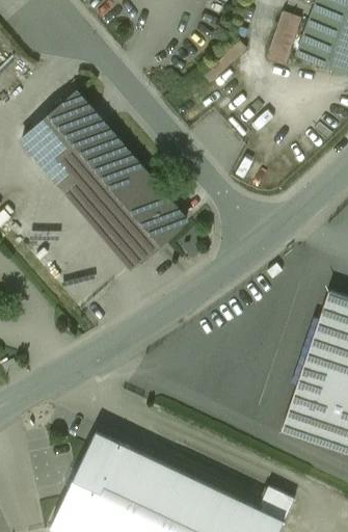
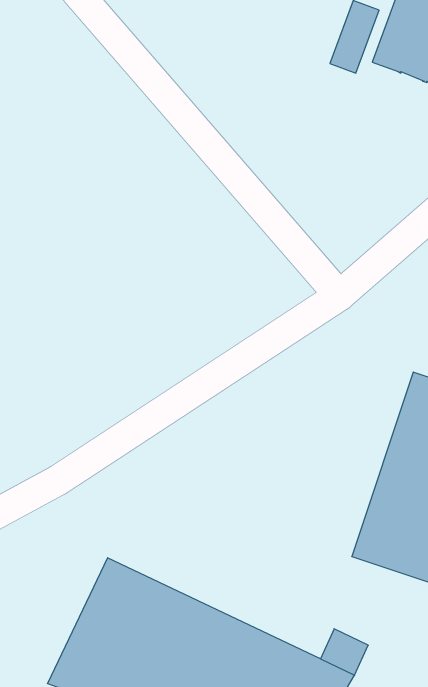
building: [24,95,187,267] -> none

